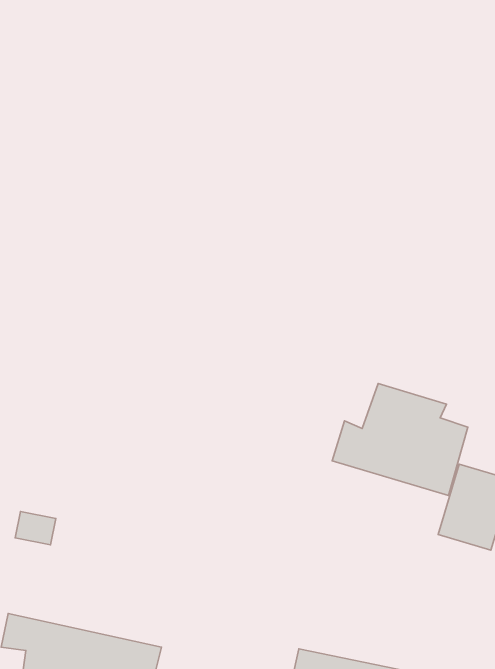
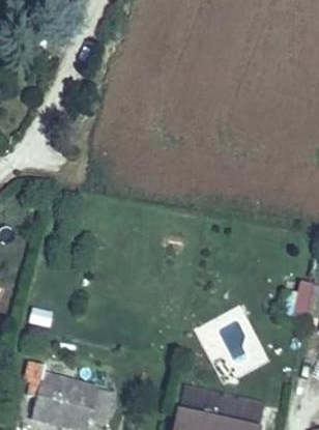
building: [332,383,468,496] -> none

